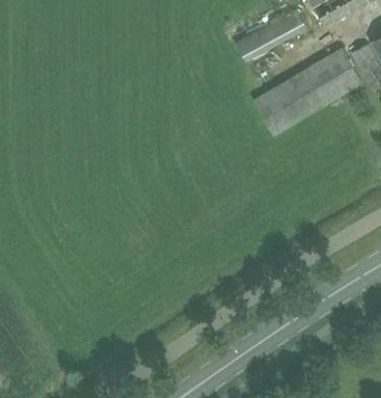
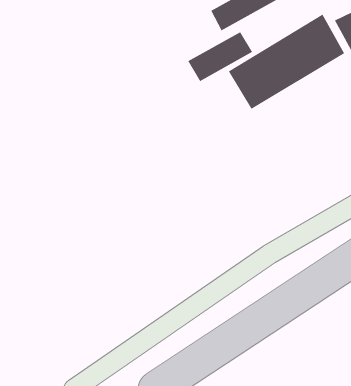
building: none -> [187,31,253,82]

